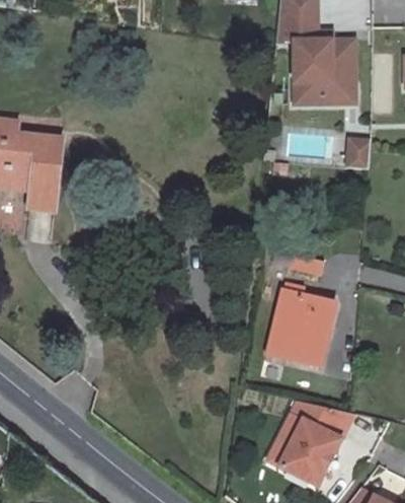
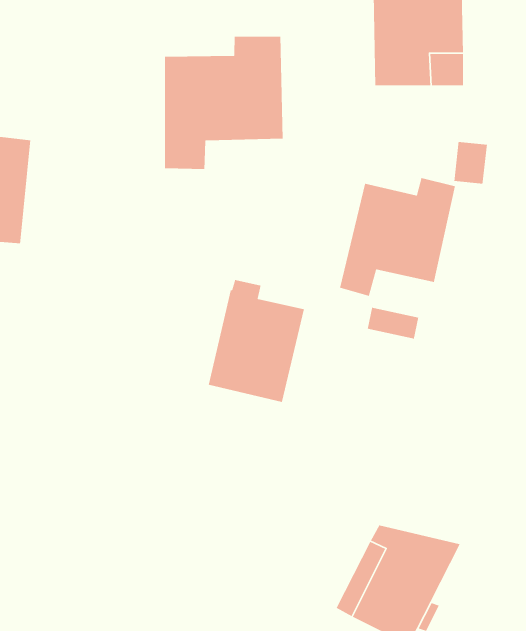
building: none -> [164,36,284,170]
building: none -> [339,177,456,297]
building: [266,281,332,365] -> [208,279,305,403]

